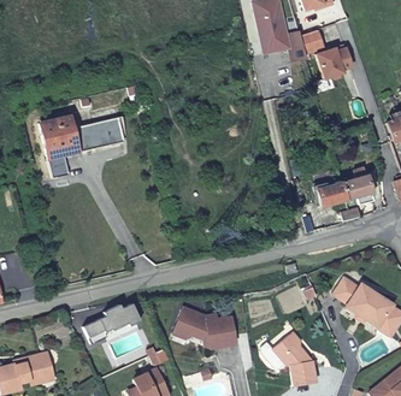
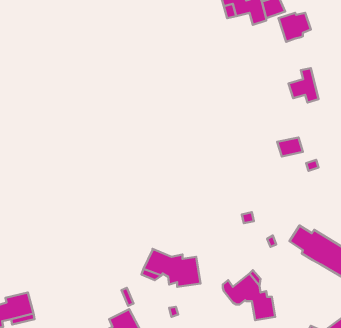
building: [34,114,120,177] -> none
building: [341,166,373,203] -> [289,68,319,103]
building: [84,306,141,344] -> none

